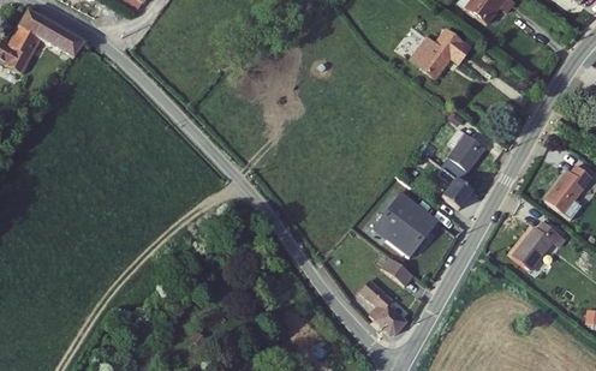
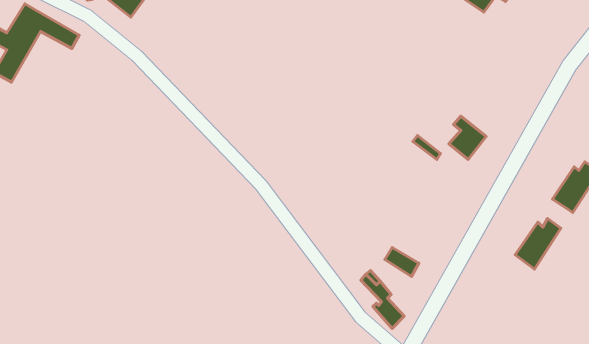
building: [403,25,466,74] -> none
building: [440,167,473,204] -> none
building: [370,191,434,255] -> none

